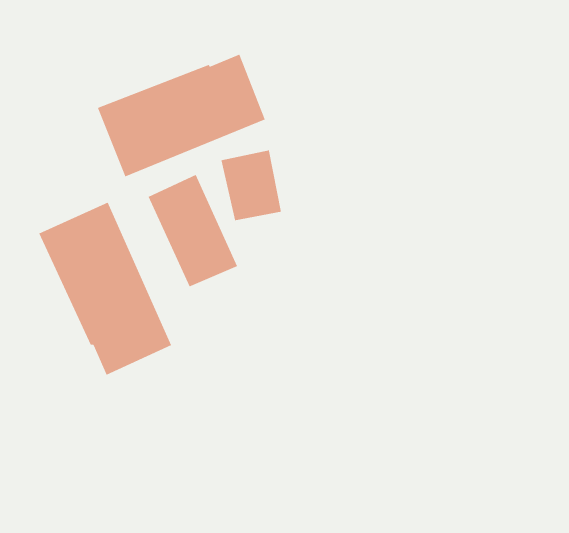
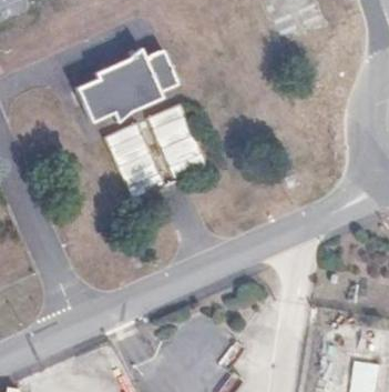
building: [38,202,172,376] -> none

